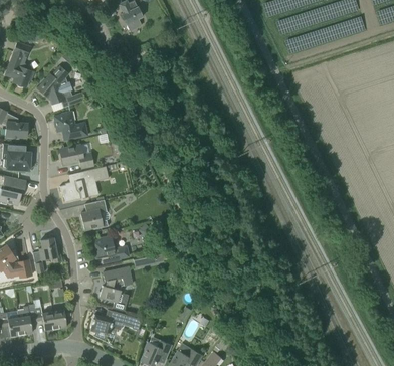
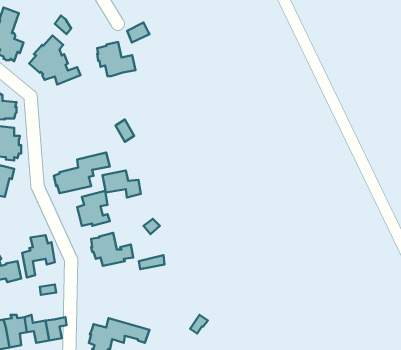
building: [53,111,86,140] -> [97,42,136,76]
building: [59,145,92,168] -> [102,170,141,197]
building: [98,266,132,311] -> none

